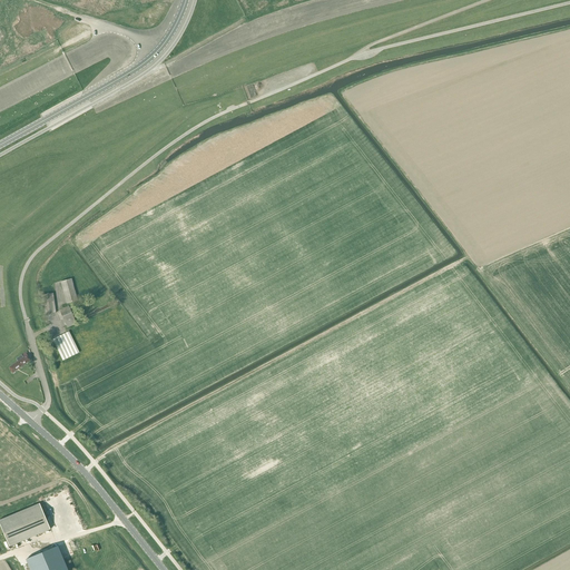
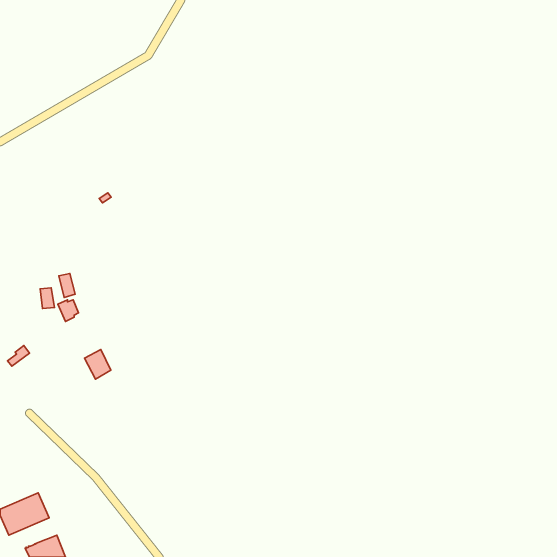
building: [51,331,78,361] -> [85,350,111,379]

